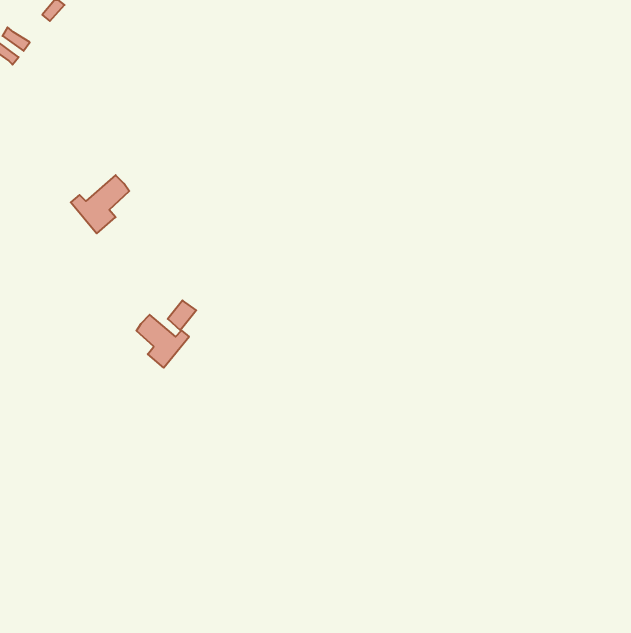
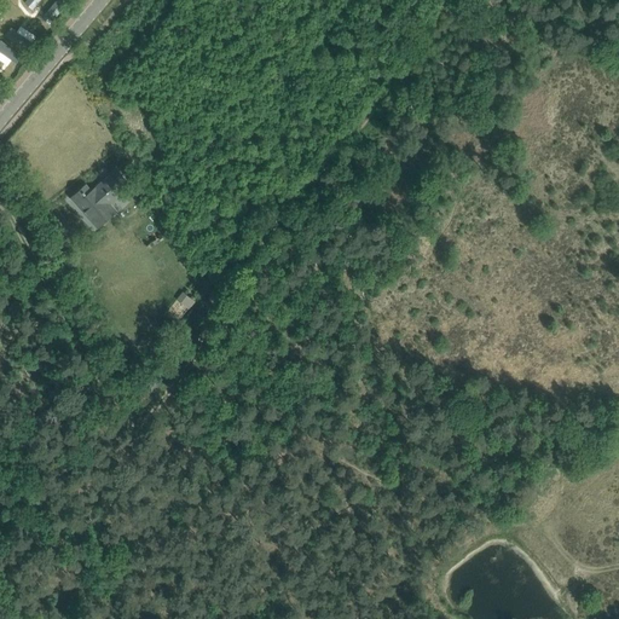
building: [136,315,189,368] -> none

